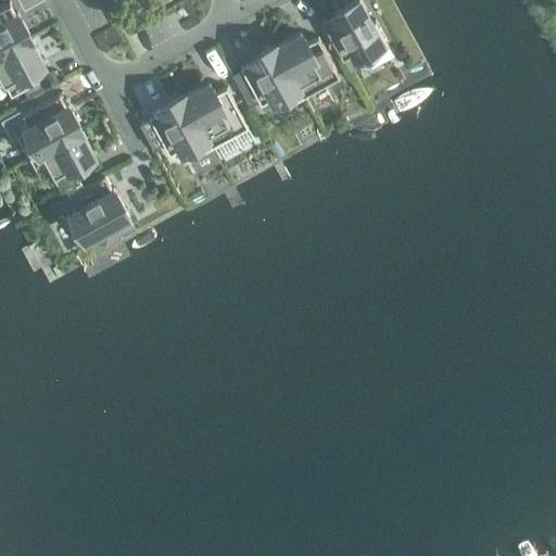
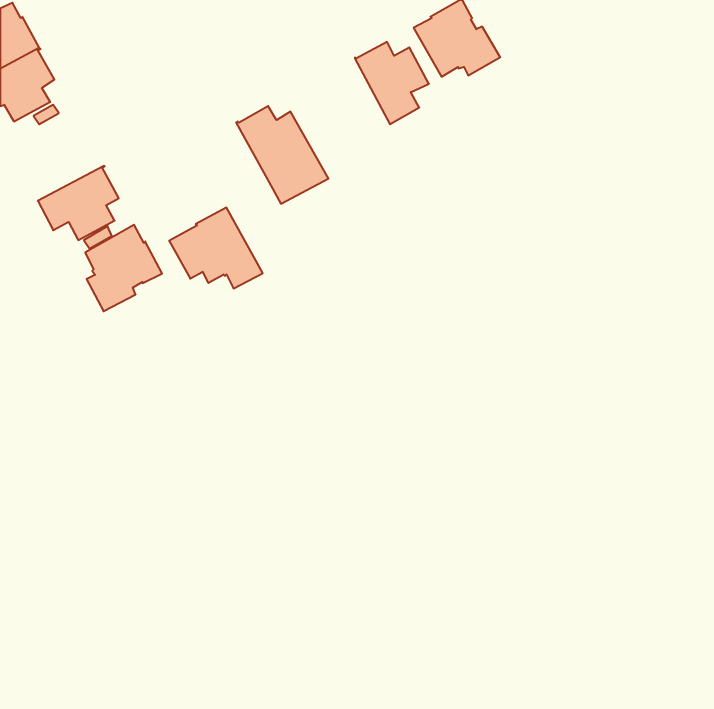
building: [232,49,303,112] -> none
building: [17,97,80,160] -> none
building: [139,99,212,162] -> [169,207,263,288]

